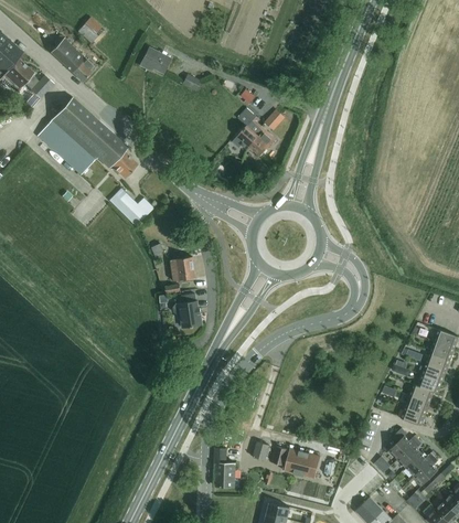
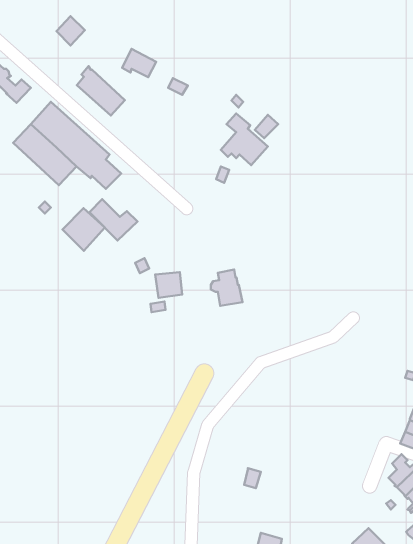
building: [50,35,95,82] -> [77,66,125,116]
building: none -> [62,208,105,251]
building: [173,293,203,328] -> [211,269,242,306]
building: [270,427,319,479] -> none
building: [214,448,236,488] -> none

